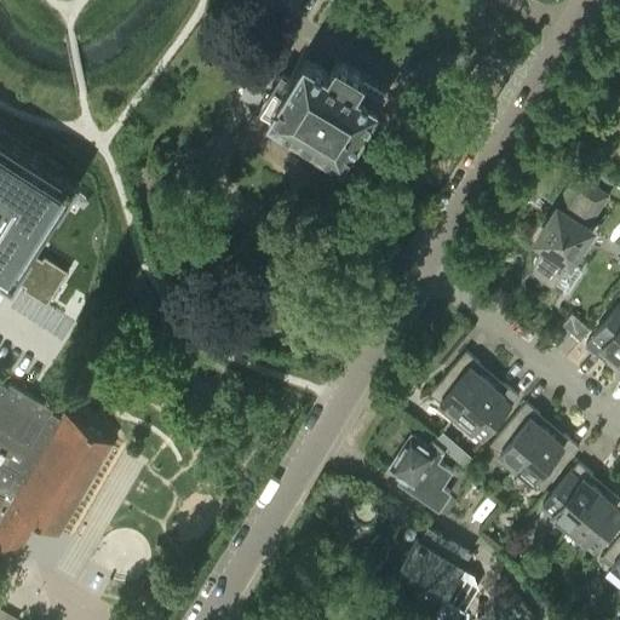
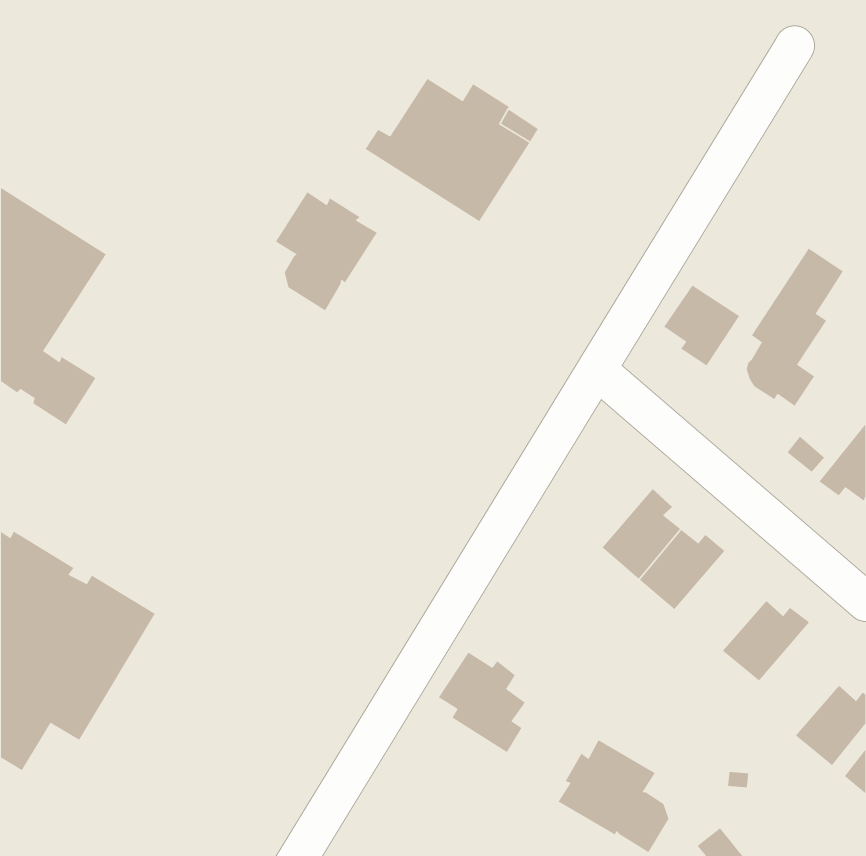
building: none -> [275,191,378,311]
building: none -> [663,285,740,367]
building: [489,407,547,472] -> none
building: [389,441,452,513] -> [438,652,526,753]
building: [541,467,599,533] -> none

